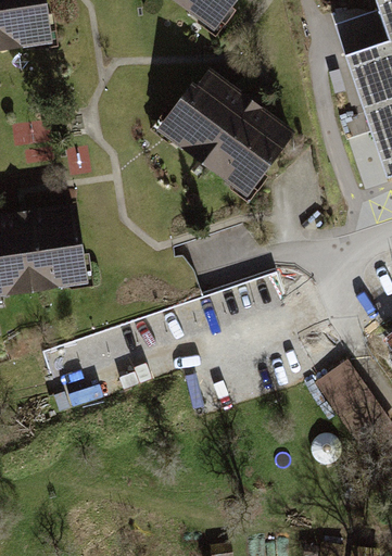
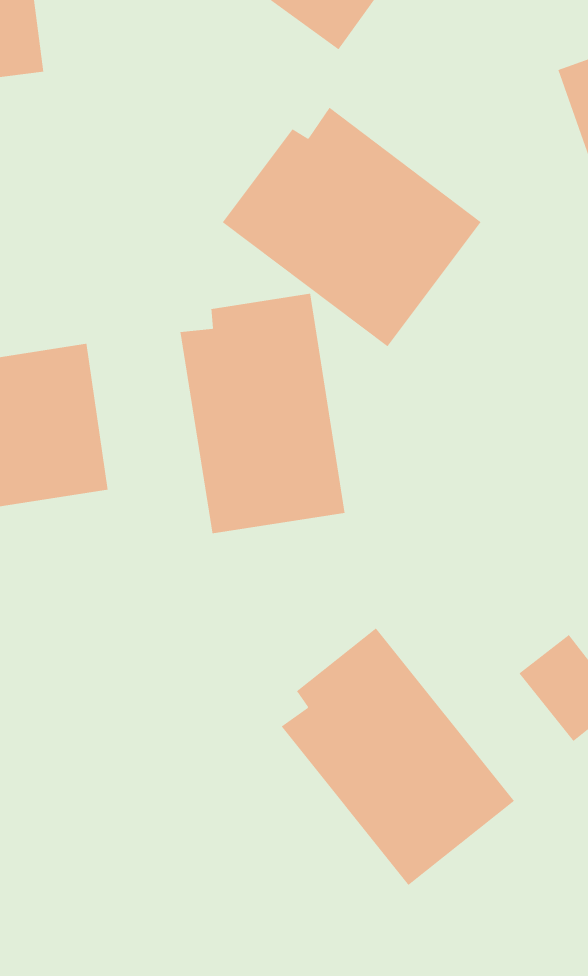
building: none -> [180,293,345,534]
building: none -> [281,628,515,886]

